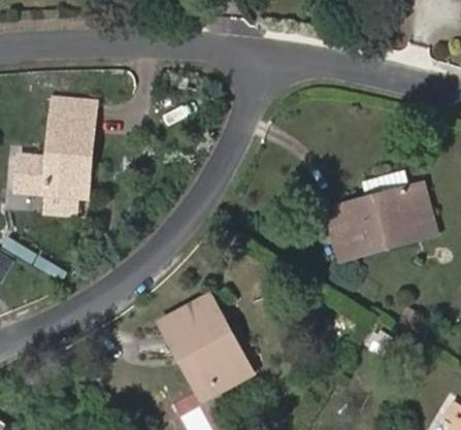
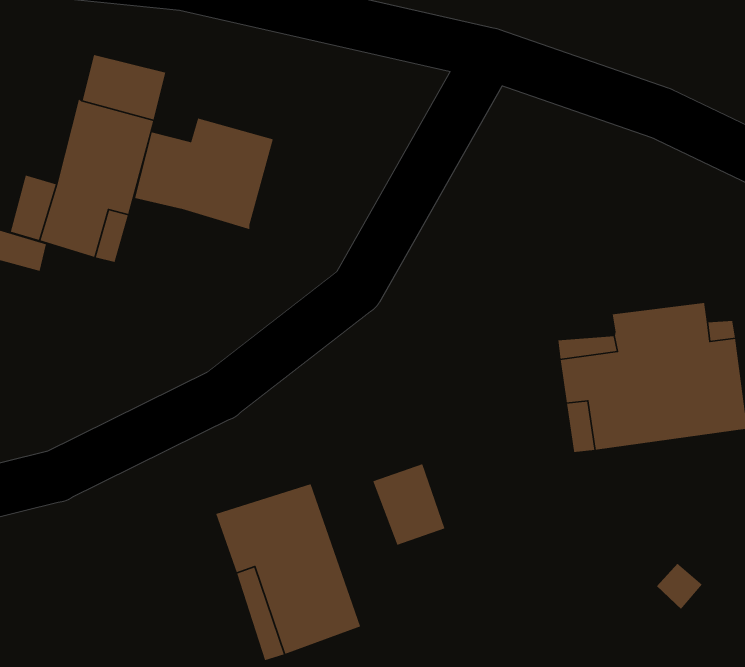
building: none -> [134,117,274,230]
building: none -> [372,463,446,546]

